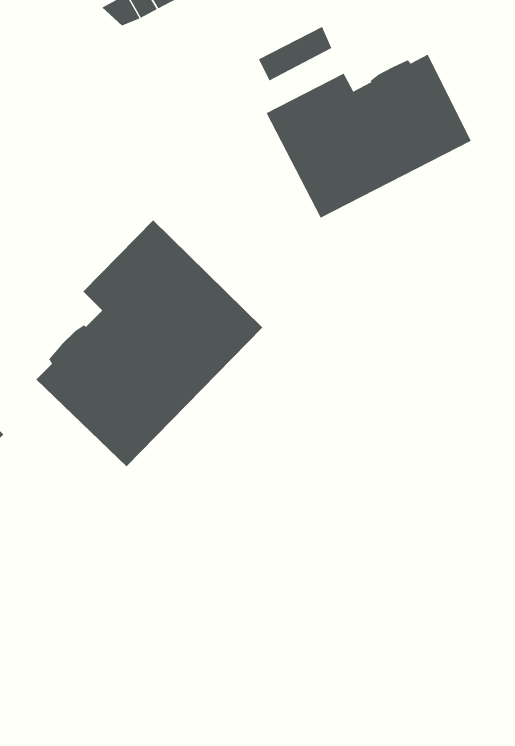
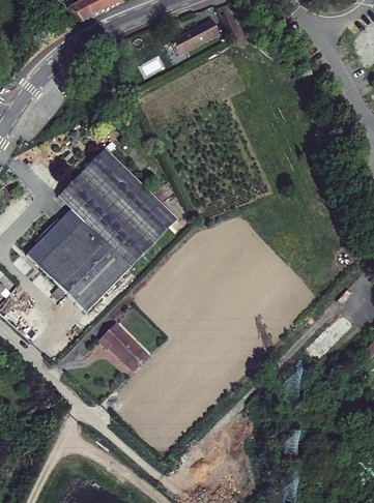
building: [266,54,472,218] -> none
building: none -> [100,323,149,368]

